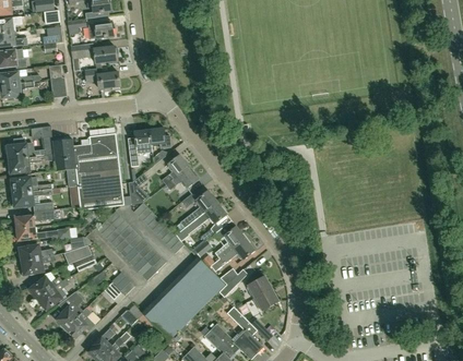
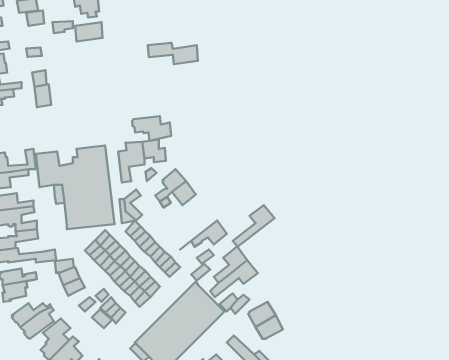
building: [70,44,116,63] -> [148,43,198,64]
building: [84,68,119,88] -> none
building: none -> [132,116,171,141]
building: [179,190,217,228] -> [233,205,275,247]

